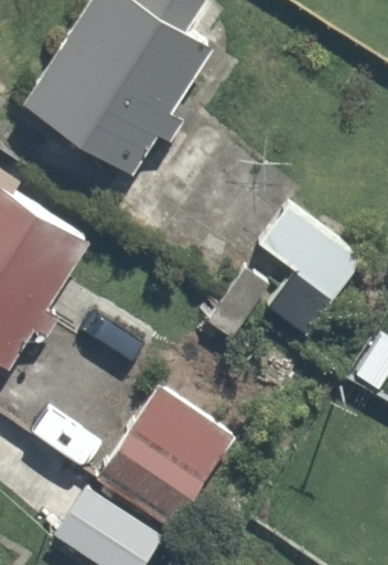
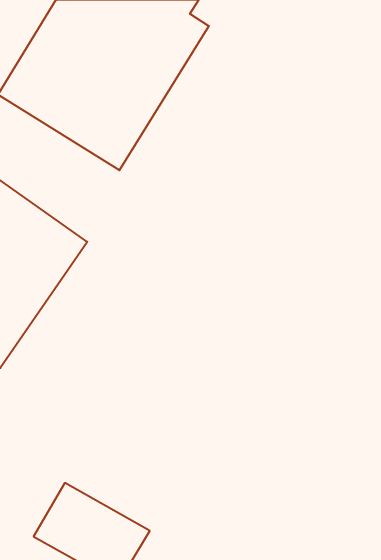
building: [257,196,370,345] -> none
building: [101,380,237,520] -> none

